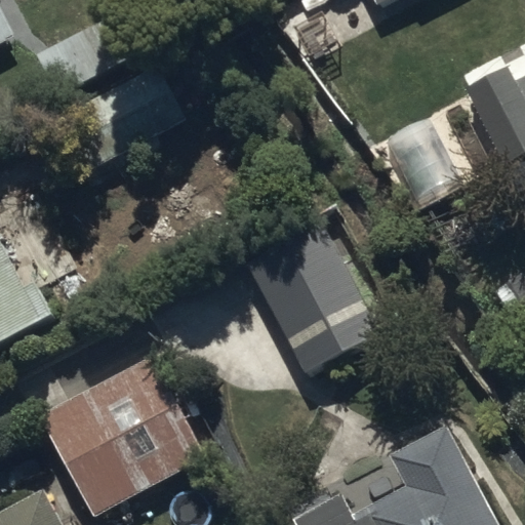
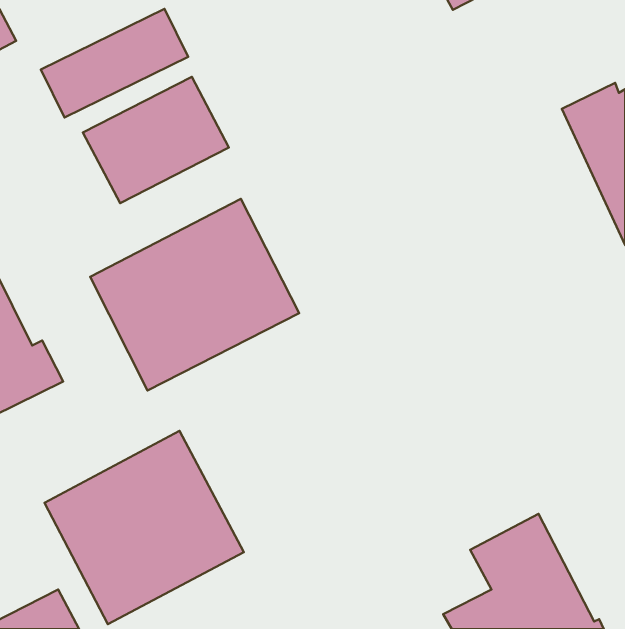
building: none -> [90,199,299,390]
building: [246,221,383,377] -> none

